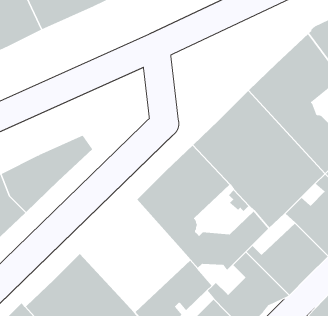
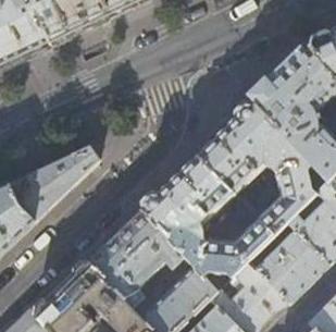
building: none -> [86,209,184,307]

